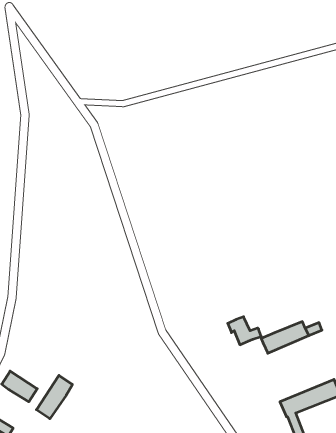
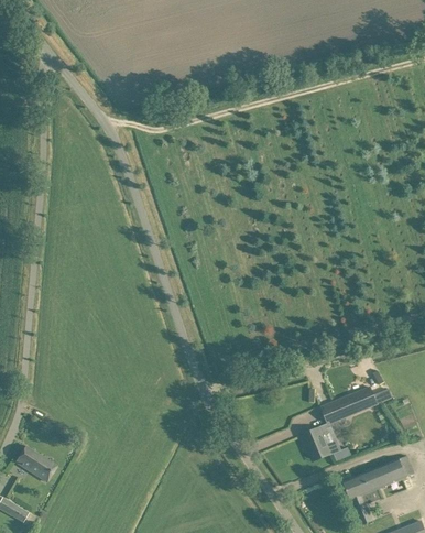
building: [228,317,261,345] -> [301,426,340,459]
building: [36,375,72,419] -> none

